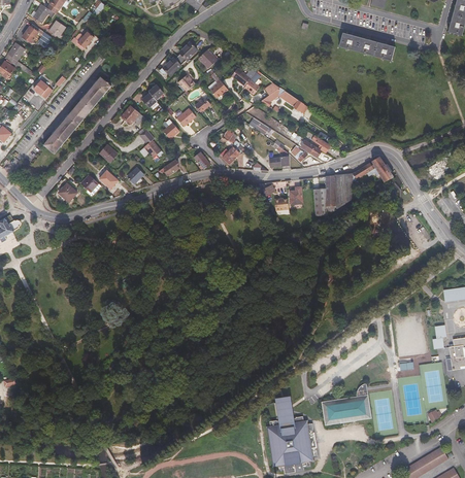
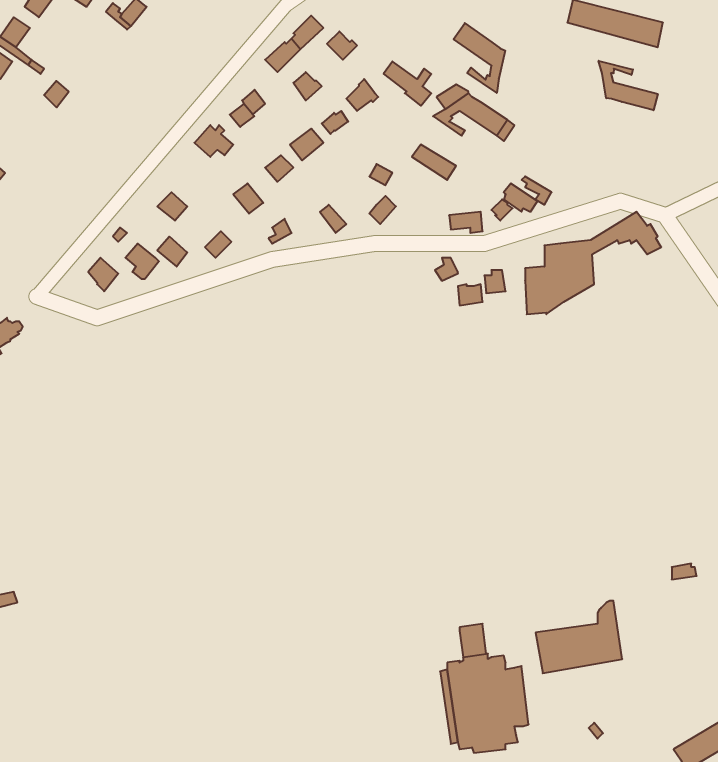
building: none -> [454,23,505,93]
building: none -> [599,61,658,110]
building: [43,76,115,152] -> none

